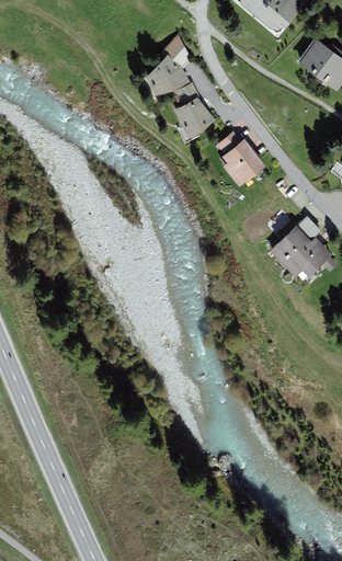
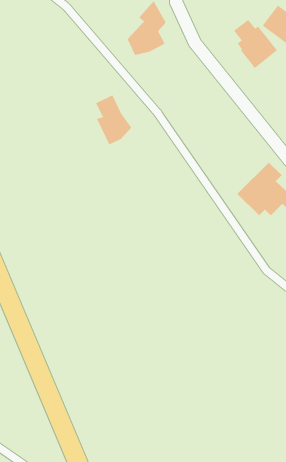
building: [172,82,214,139] -> [95,94,132,145]
building: [215,131,265,187] -> [233,19,278,69]

